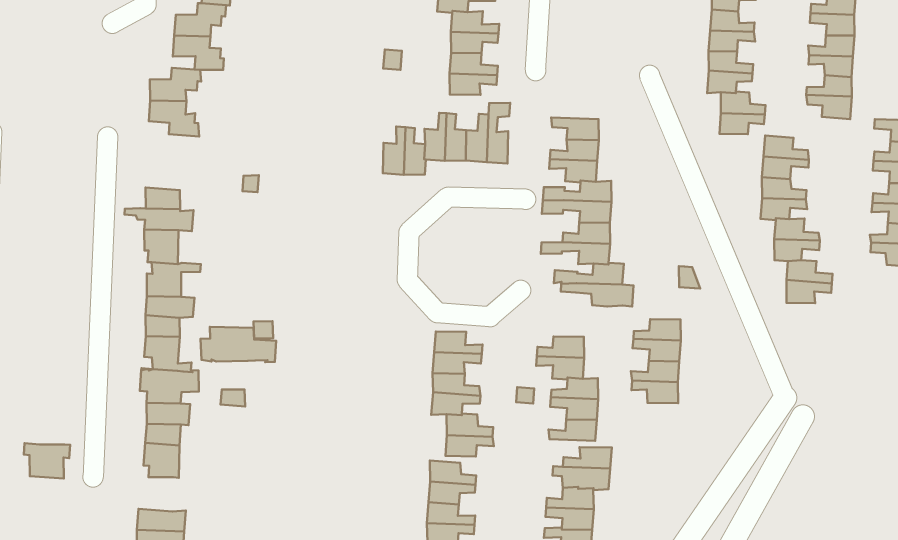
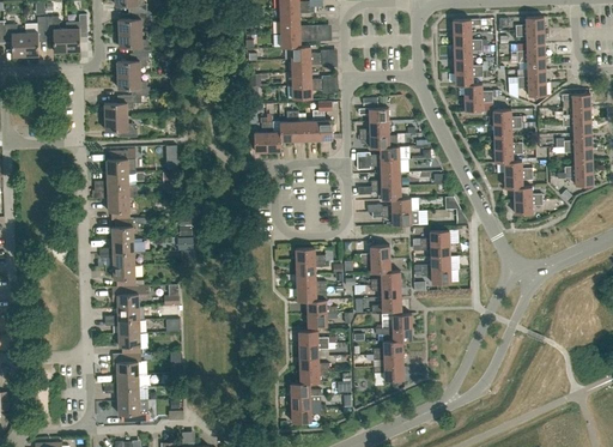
building: none -> [107,150,135,173]
building: [201,327,276,362] -> none
building: [24,443,70,479] -> [113,354,141,375]

